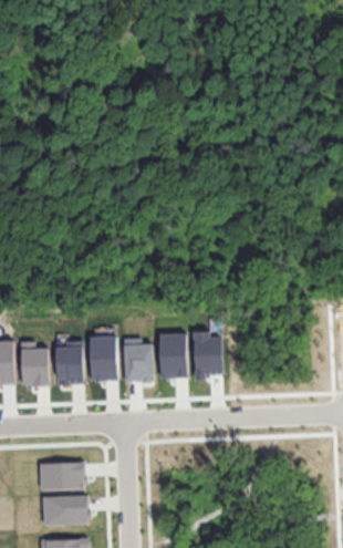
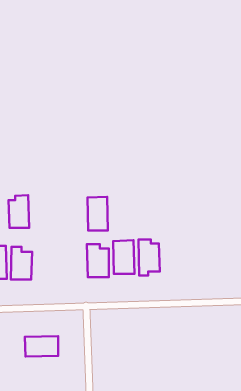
building: [91,335,118,381] -> [87,197,108,230]
building: [56,340,84,384] -> [9,195,29,228]
building: [43,495,90,525] -> none

